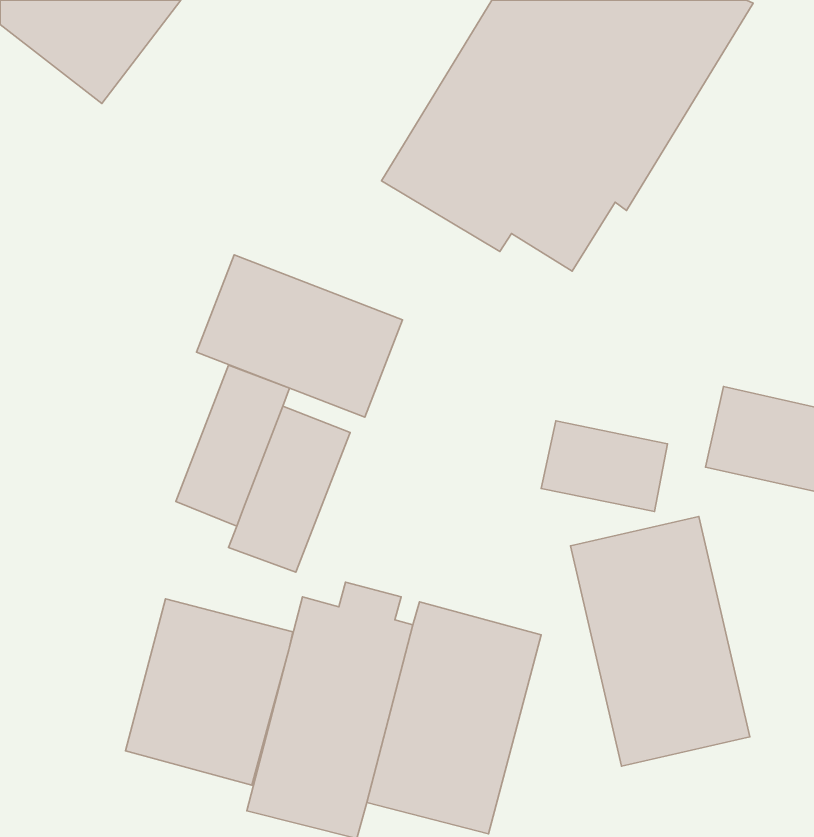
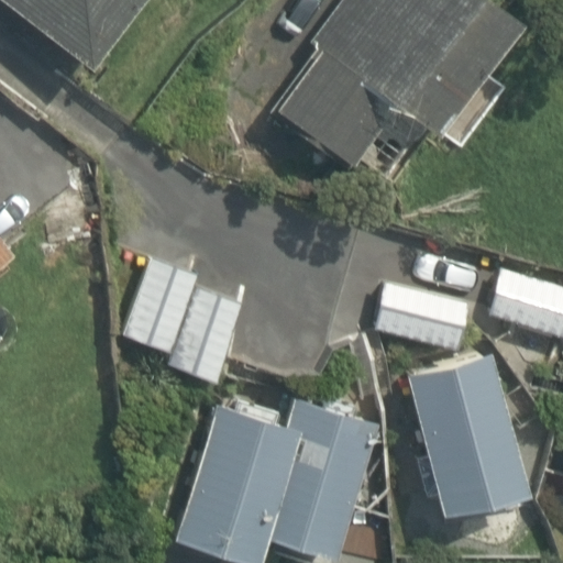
building: [197,255,402,417] -> none
building: [125,599,293,785] -> none

